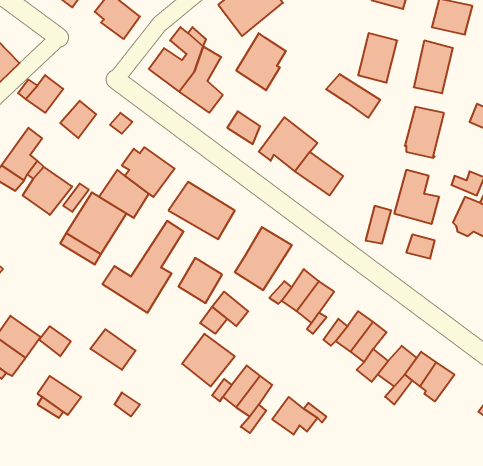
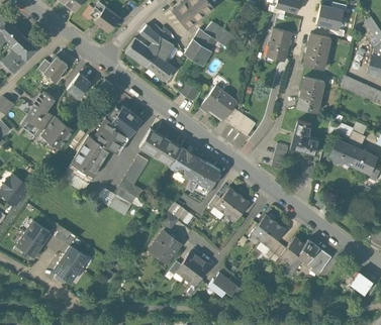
building: [326,74,380,118] -> [203,21,240,50]
building: [178,258,222,303] -> [172,147,201,178]
building: [90,329,136,370] -> [59,245,89,273]

